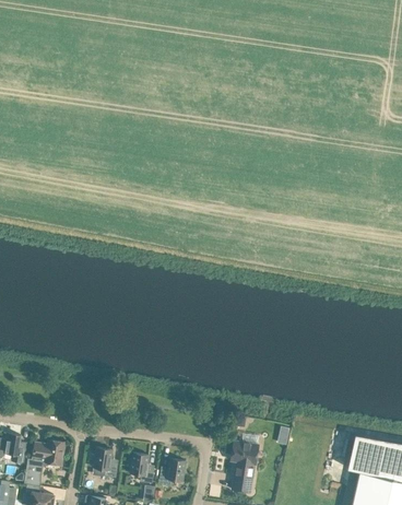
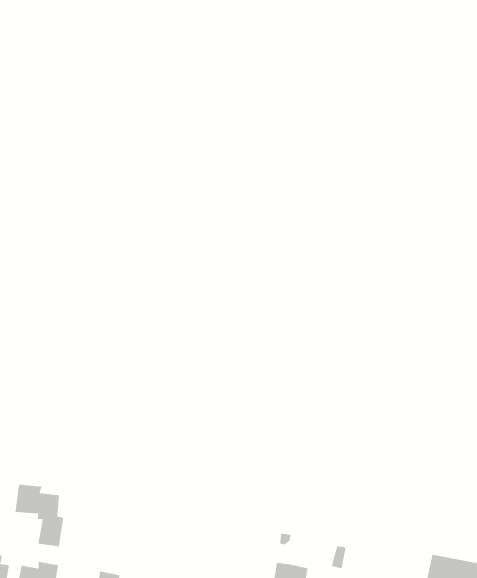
building: none -> [14,484,64,547]

